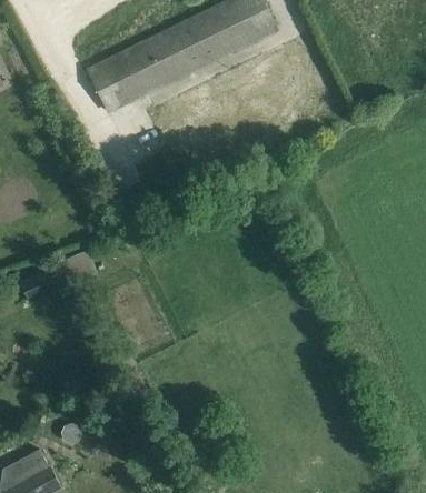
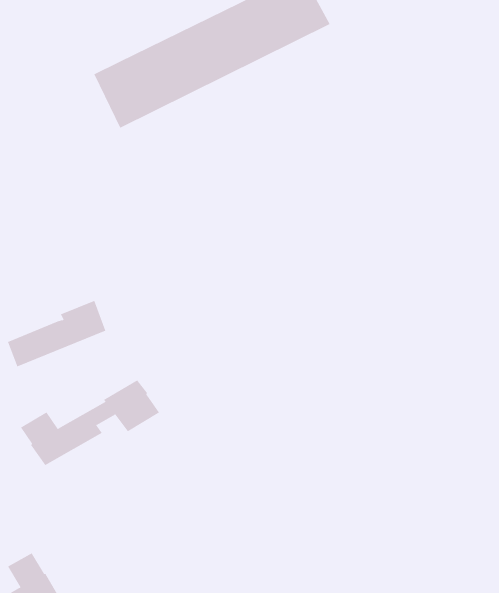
building: none -> [20,380,160,466]

